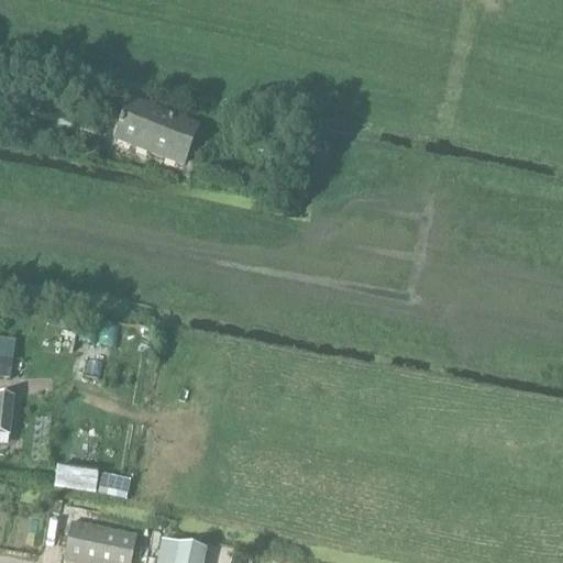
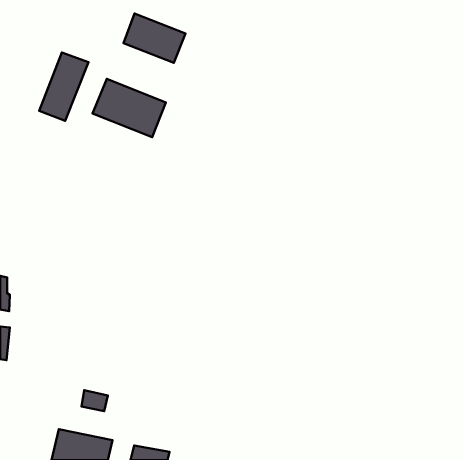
building: none -> [124,13,185,63]
building: none -> [39,53,88,121]
building: [55,464,99,489] -> none

